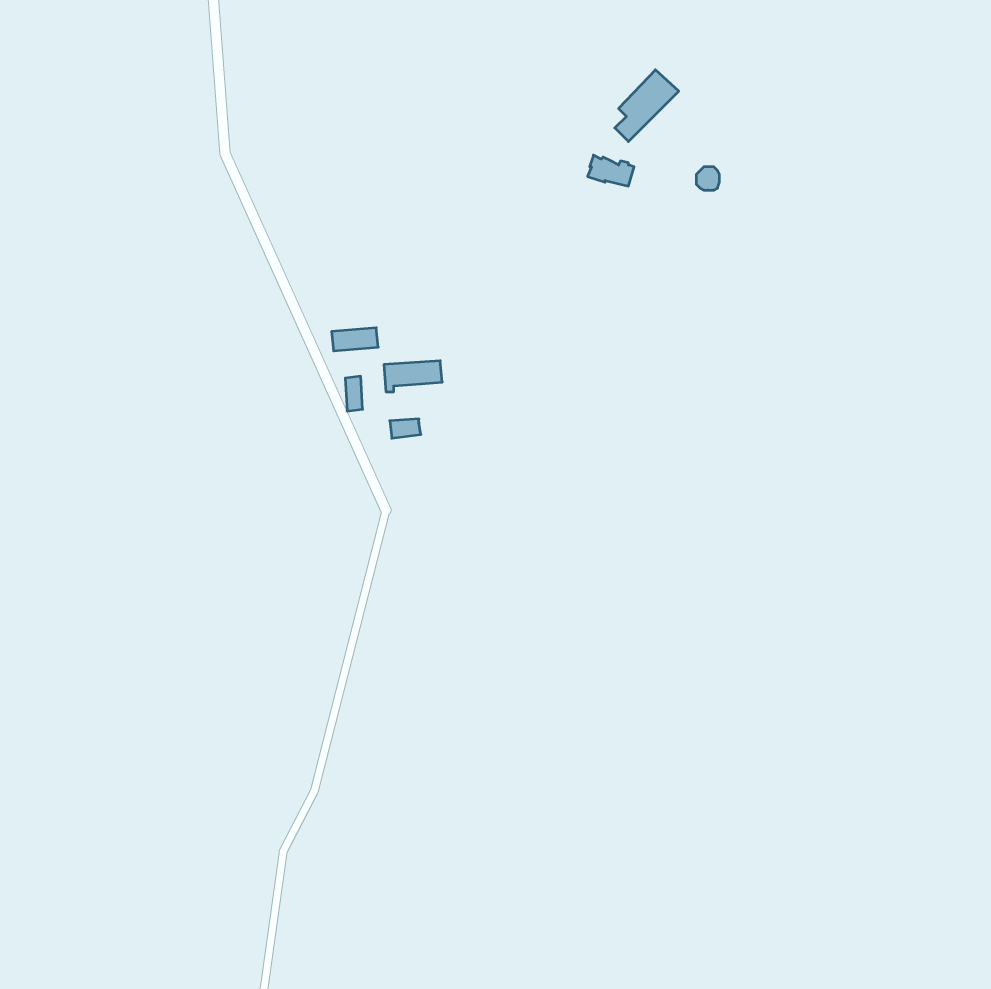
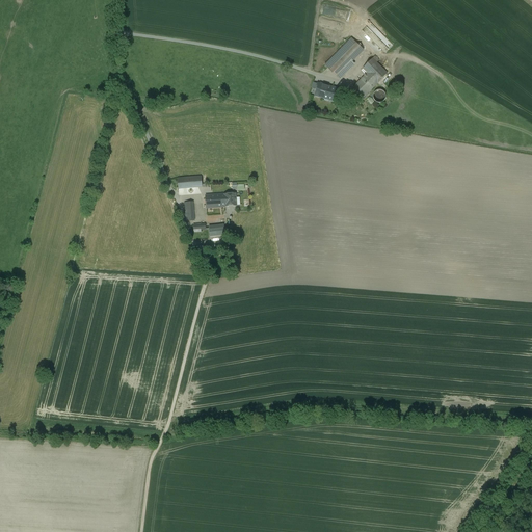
building: none -> [352,55,388,98]

